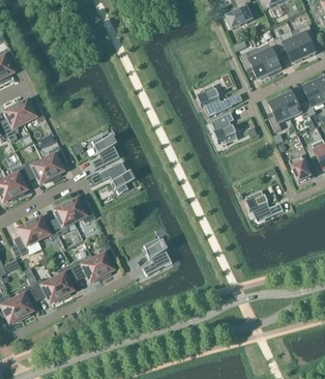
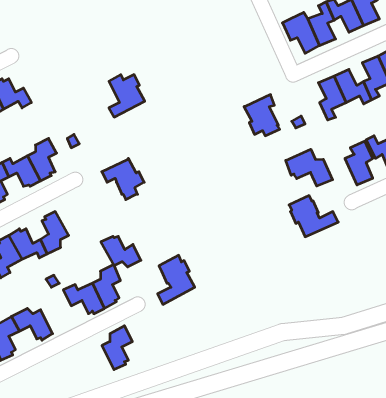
building: [197,84,232,116] -> none
building: [90,136,118,169] -> [109,75,145,117]
building: none -> [286,149,333,186]
building: [63,198,94,222] -> [101,236,141,267]
building: [52,263,76,297] -> [102,326,132,370]

